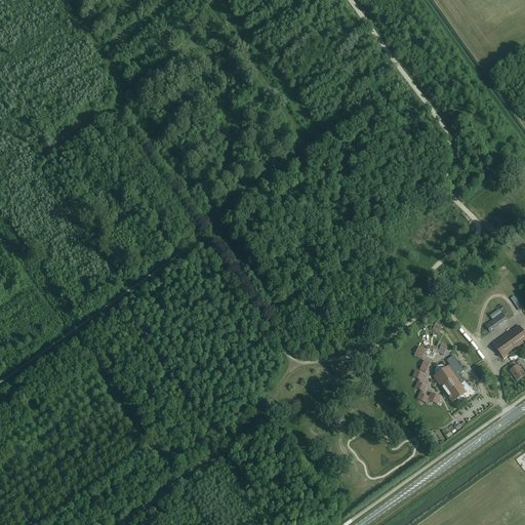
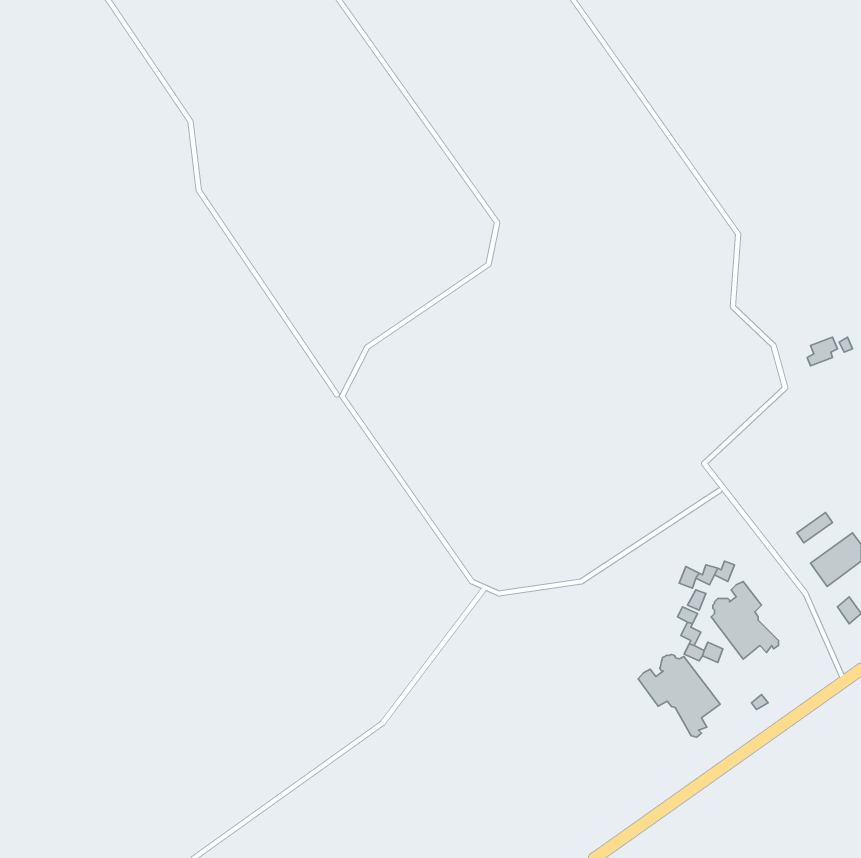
building: none -> [638,654,720,737]

